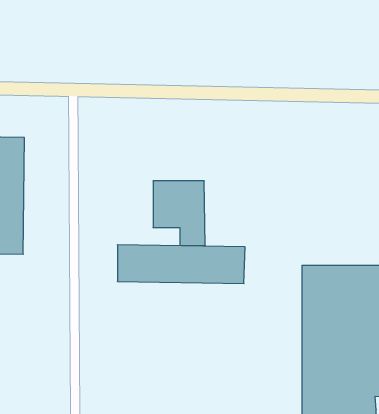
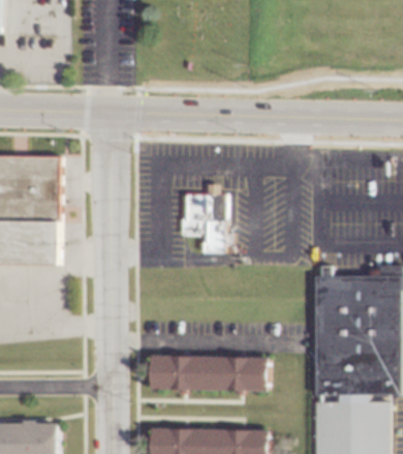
building: [117,245,245,284] -> [151,356,270,392]

